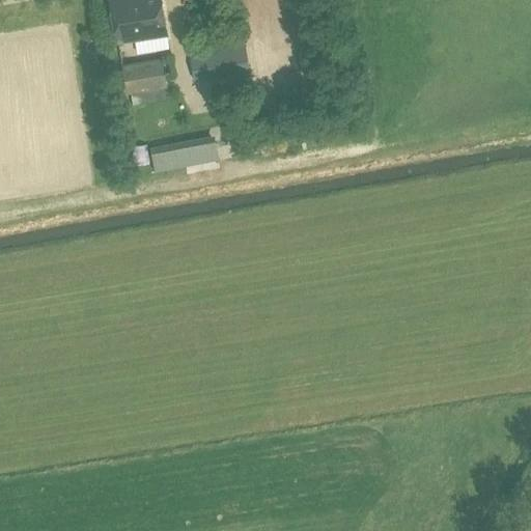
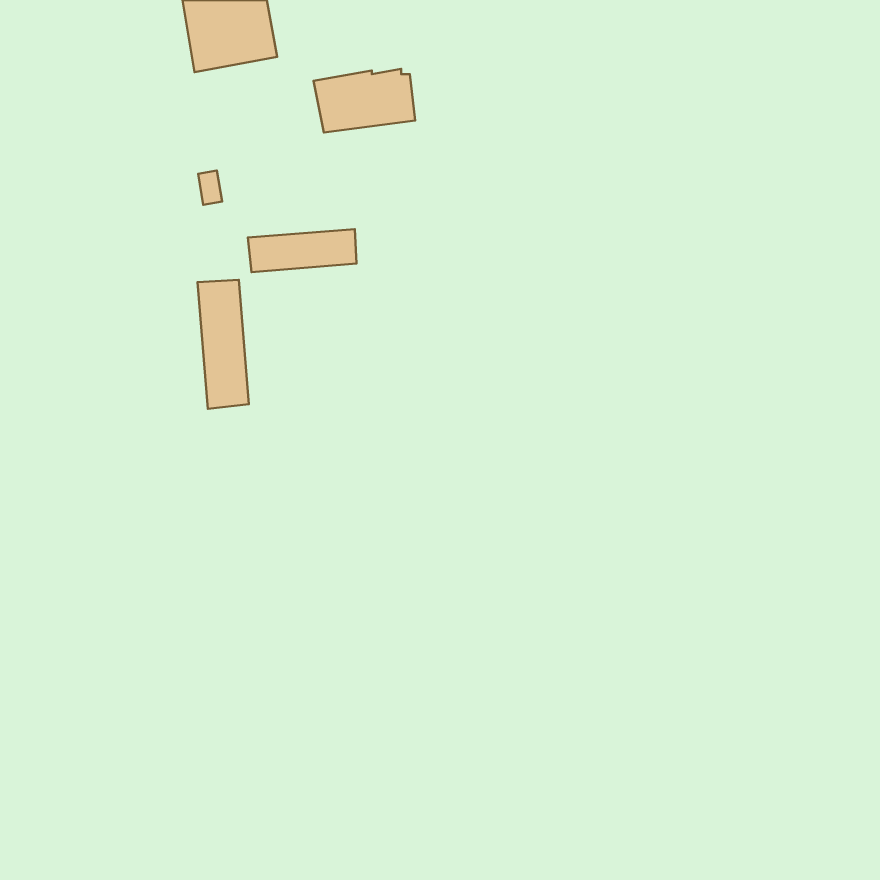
building: [122,58,168,94] -> none
building: none -> [198,280,249,409]

